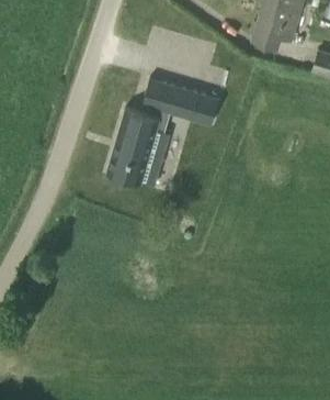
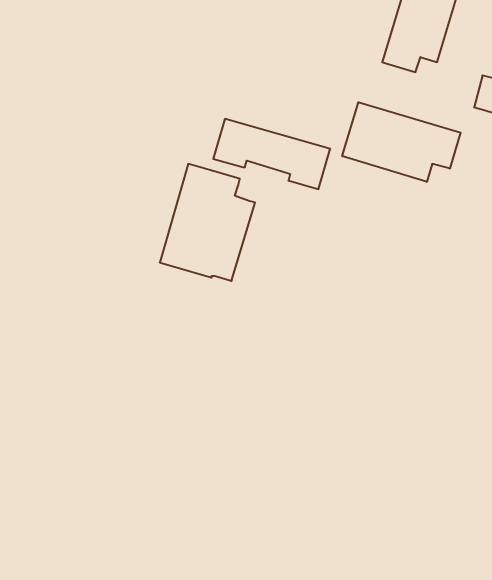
building: none -> [342,102,461,182]

